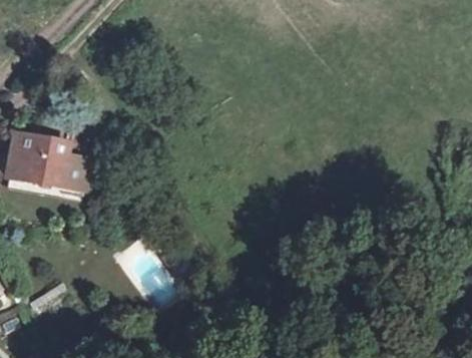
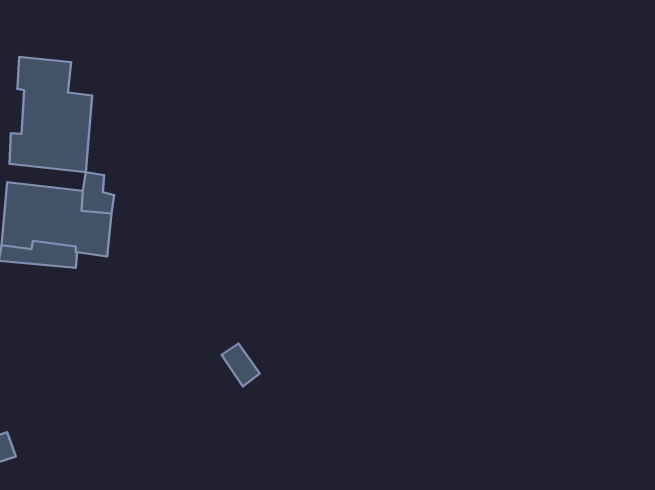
building: none -> [9,57,92,172]

